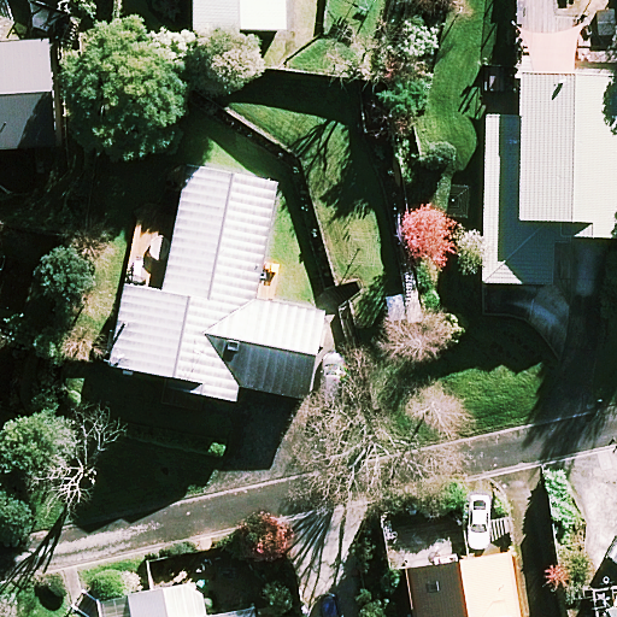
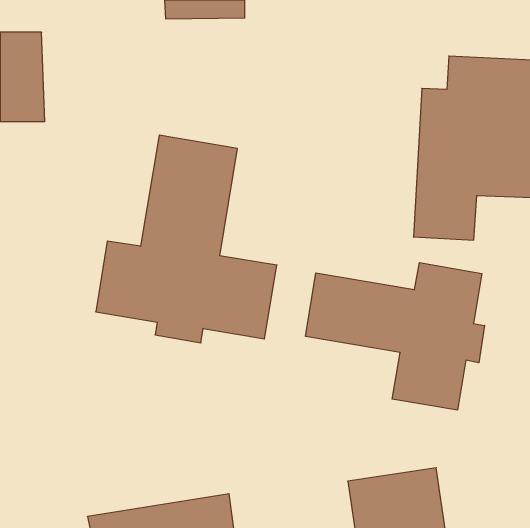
building: none -> [306,263,485,410]

